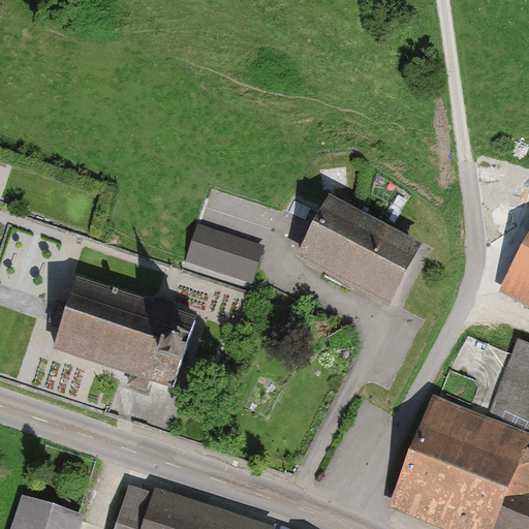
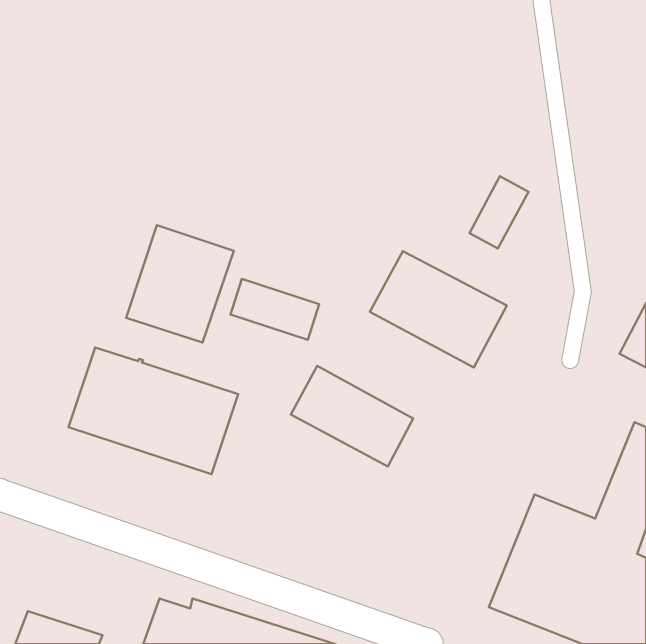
building: none -> [469,176,528,249]
building: none -> [126,225,234,343]
building: none -> [291,366,413,467]

